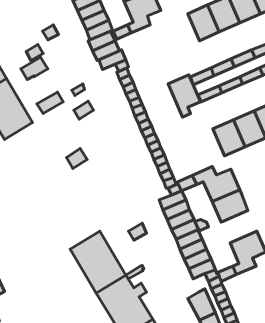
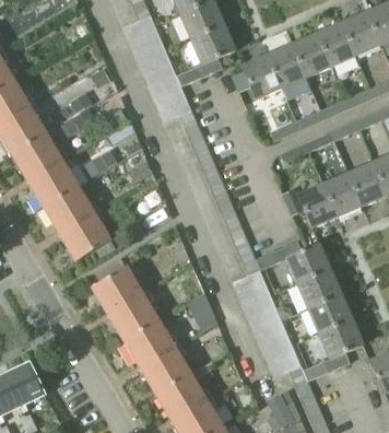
building: [168,75,201,117] -> [241,55,281,106]
building: none -> [44,187,109,261]
building: none -> [91,266,168,341]
building: none -> [307,294,351,333]

